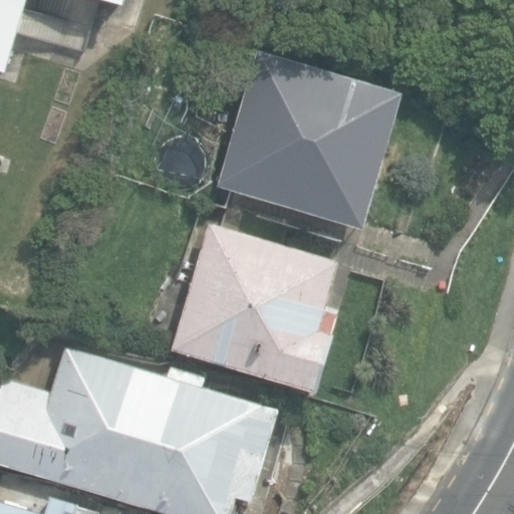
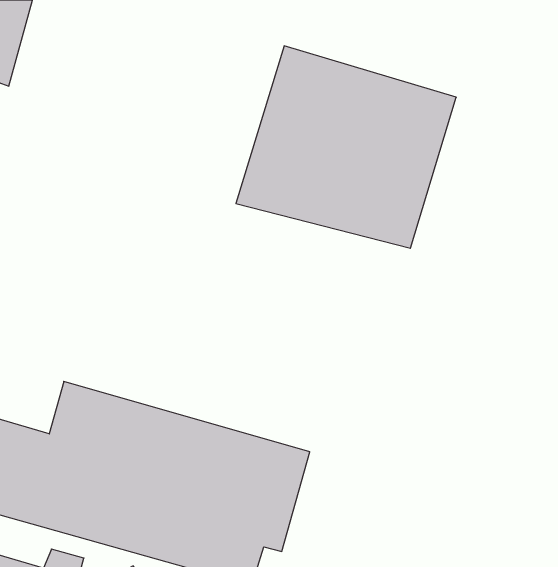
building: [168,223,340,395] -> none

